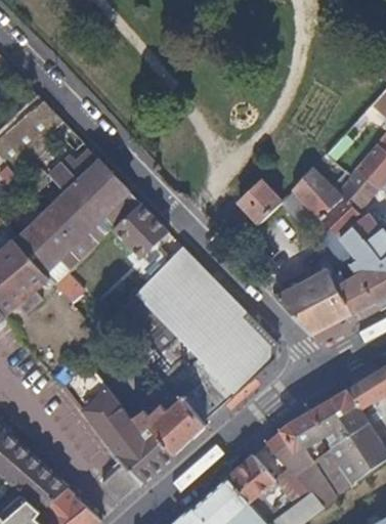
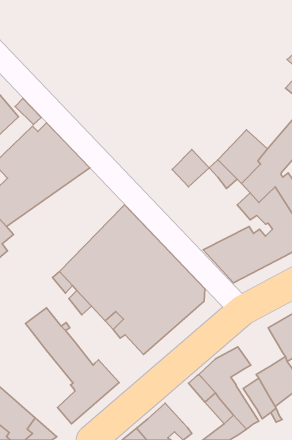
building: [41,200,167,301] -> none
building: [314,389,371,444] -> none
building: [122,394,206,453] -> none
building: [228,454,275,500] -> none

